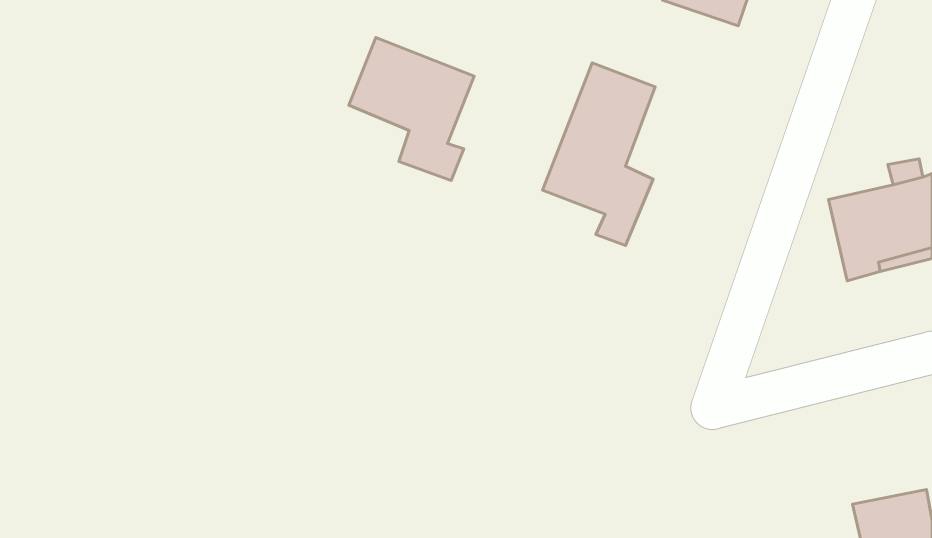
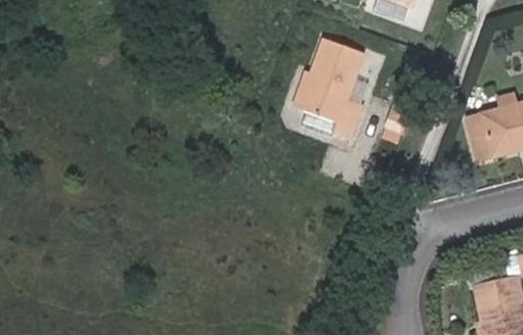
building: [349,37,474,180] -> none

